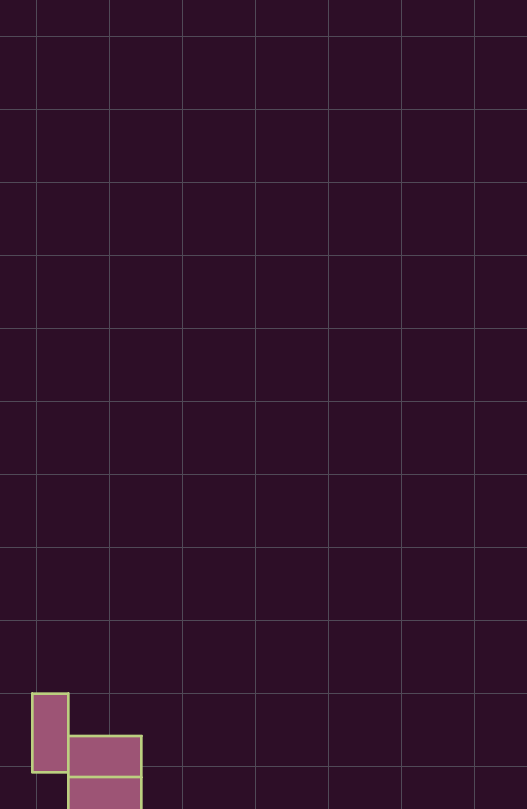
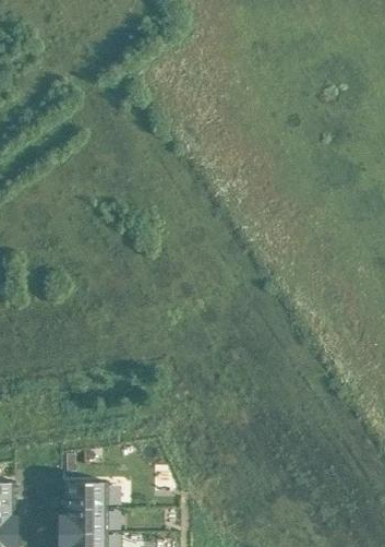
building: [32,693,68,772] -> none

